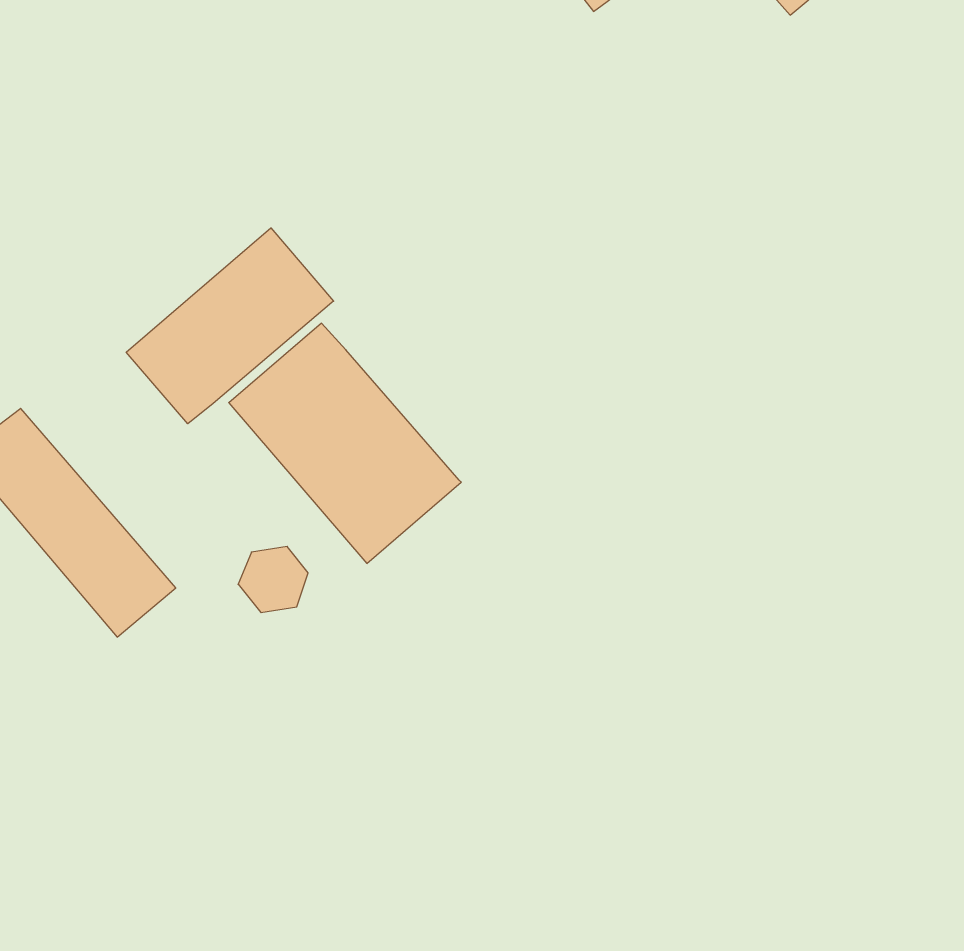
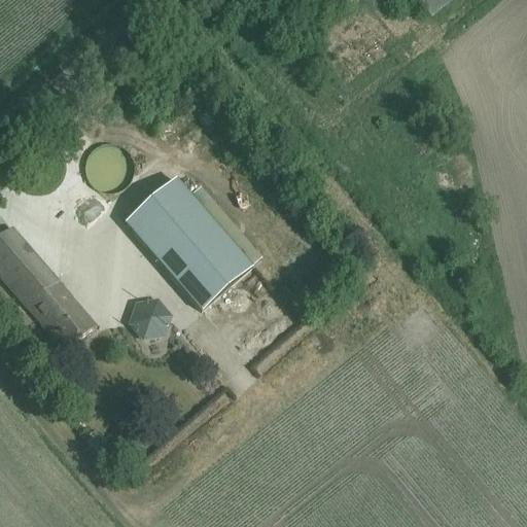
building: [126,228,334,424] -> none

